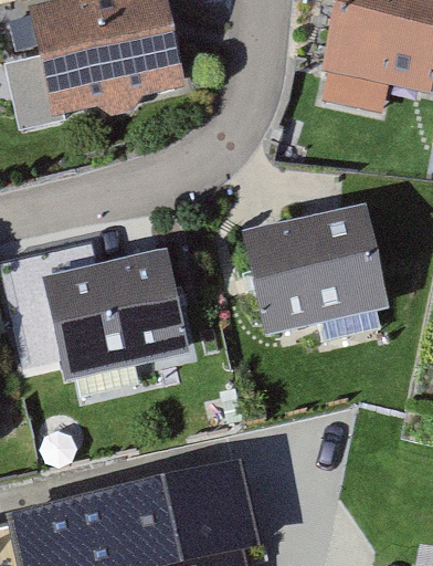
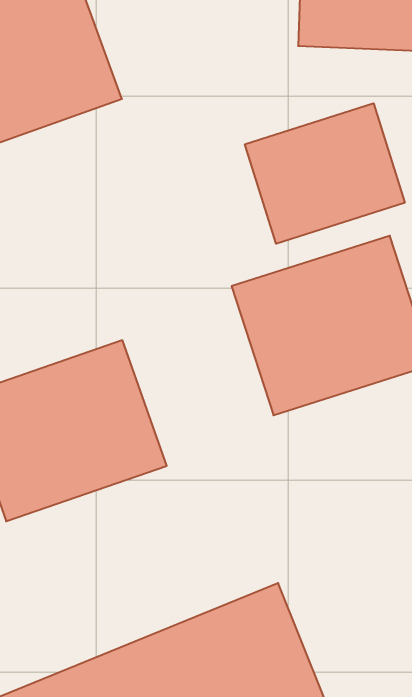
building: none -> [245,103,405,244]

